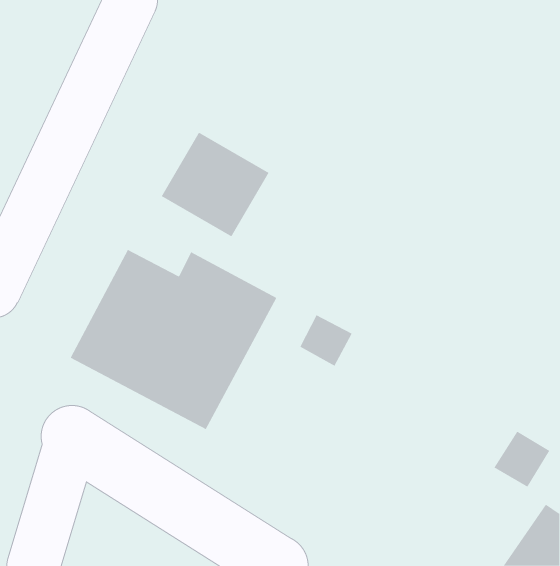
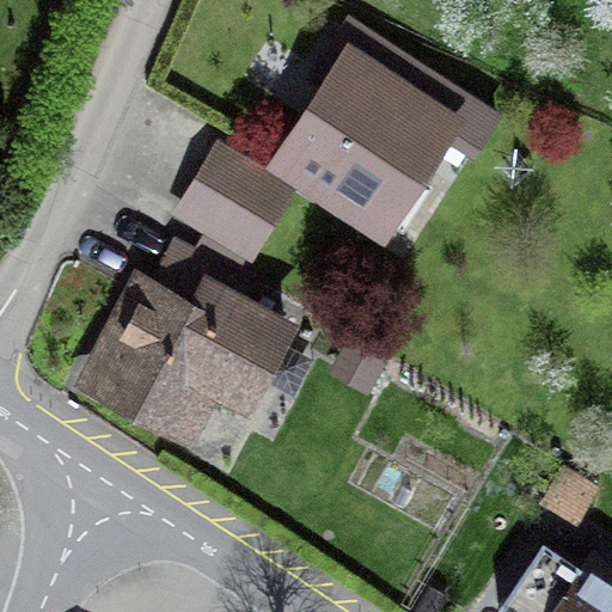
building: none -> [273,43,469,238]

